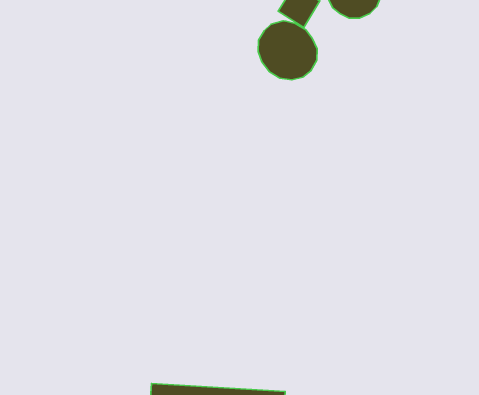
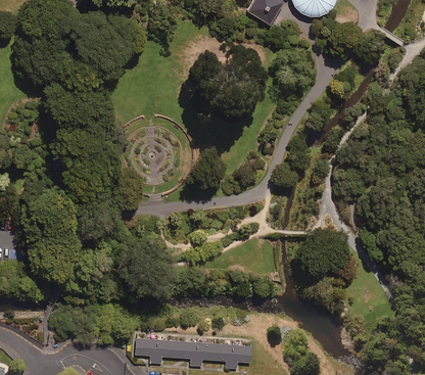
building: [258,21,317,80] -> none

